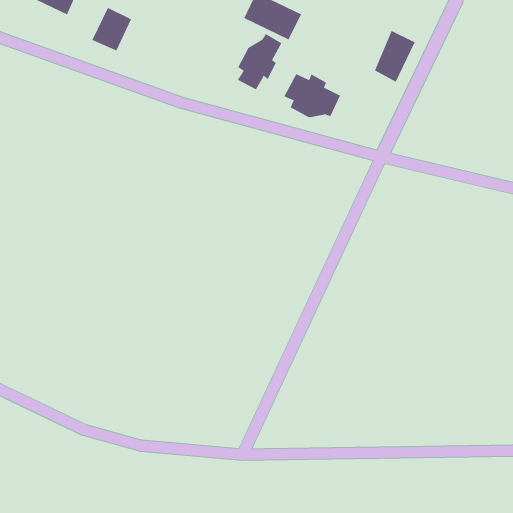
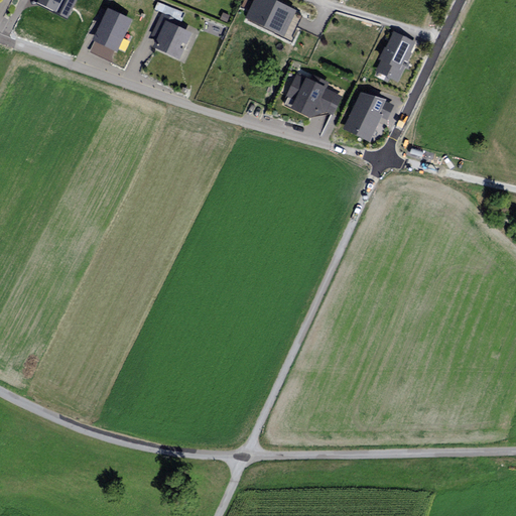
building: none -> [149,13,192,59]
building: [237,33,282,90] -> none
building: none -> [342,92,393,142]

